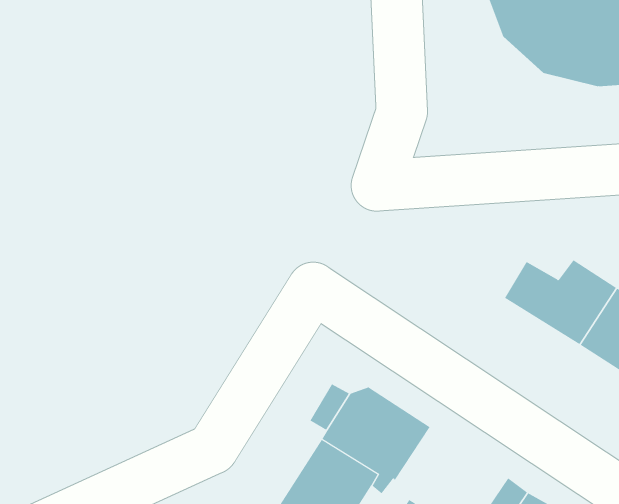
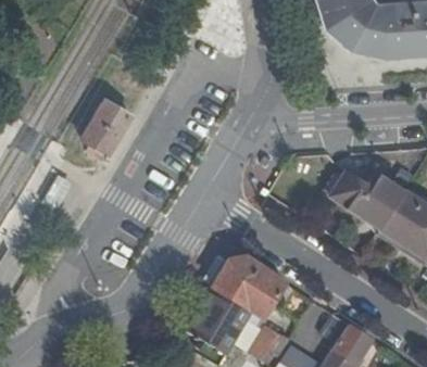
building: none -> [81,100,129,151]

